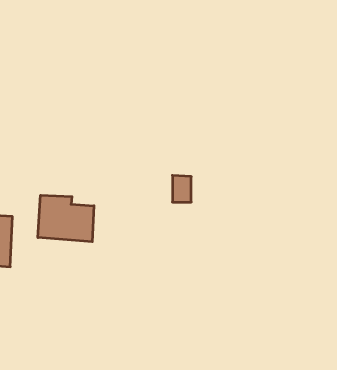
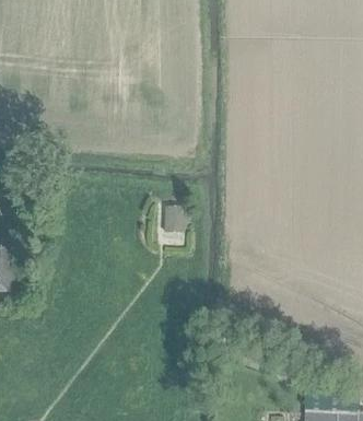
building: [38,195,94,242] -> none

